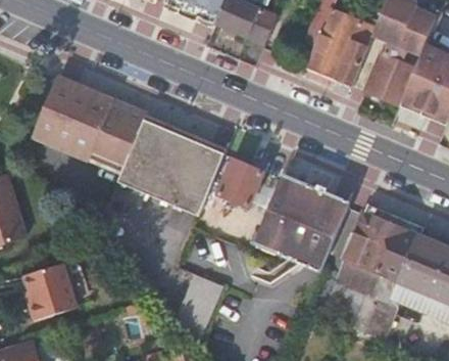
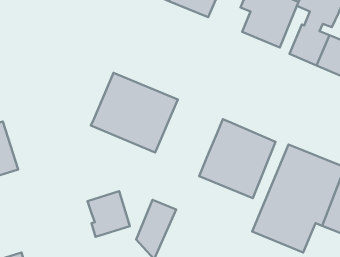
building: [32,78,146,173] -> none
building: [216,159,276,215] -> none
building: [21,263,74,320] -> [87,191,130,237]

